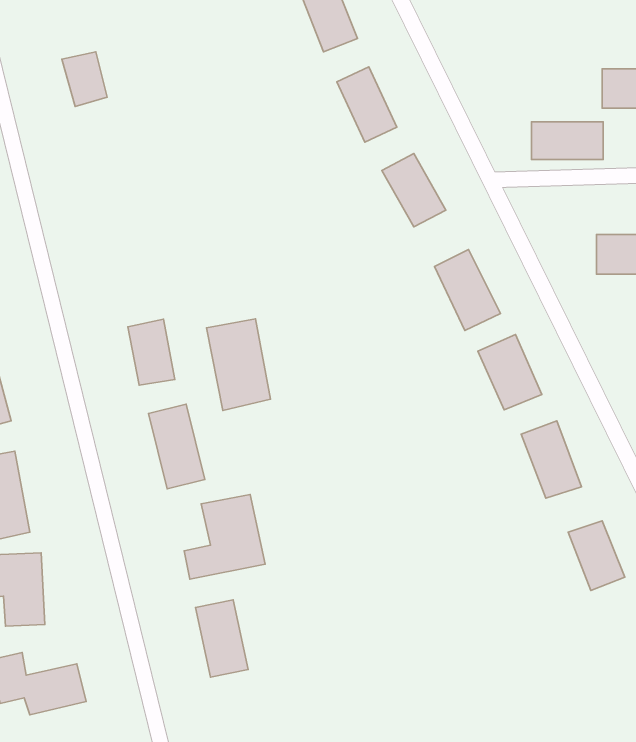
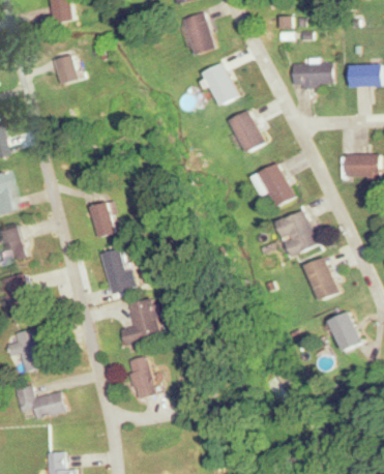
building: [532,122,603,160] -> [291,63,330,84]
building: [207,319,271,410] -> none

